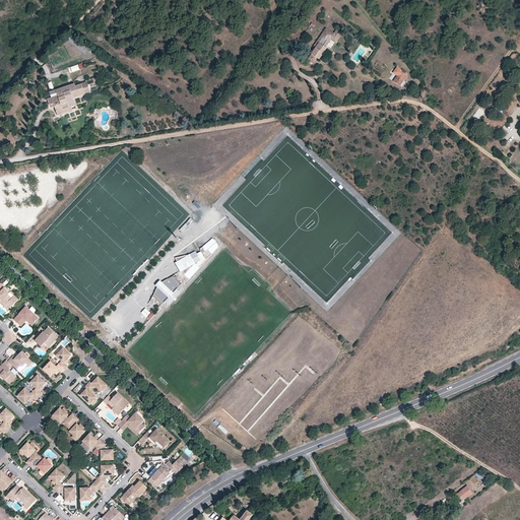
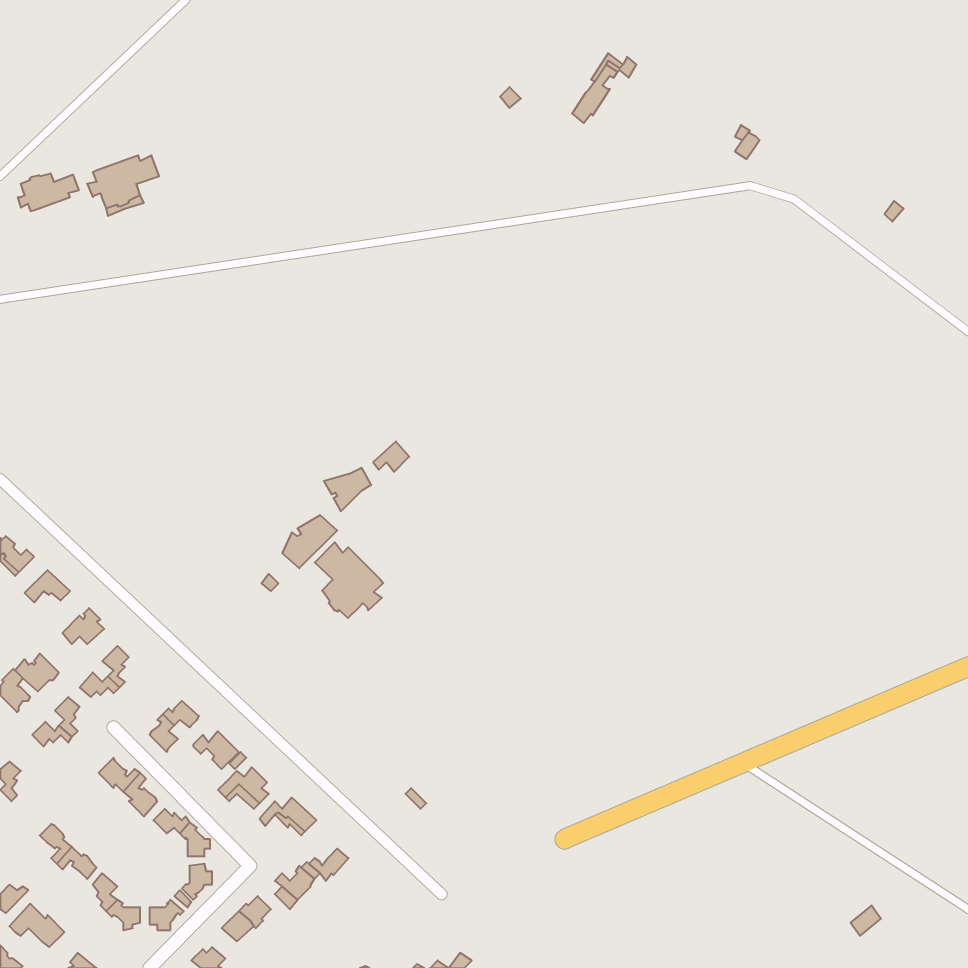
building: none -> [18,173,79,211]
building: none -> [315,542,383,618]

